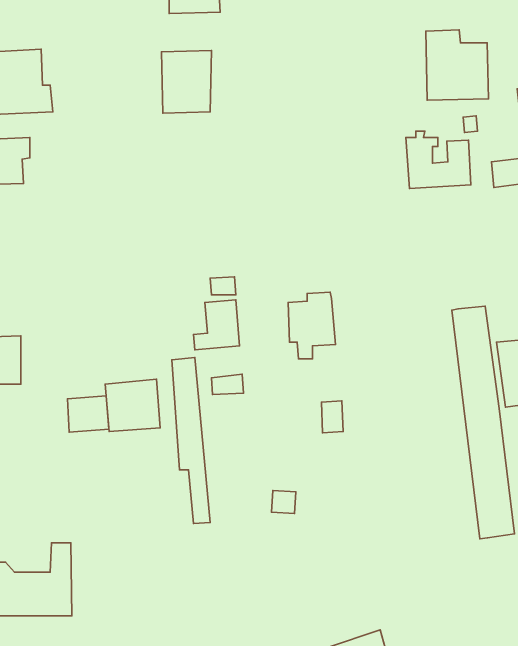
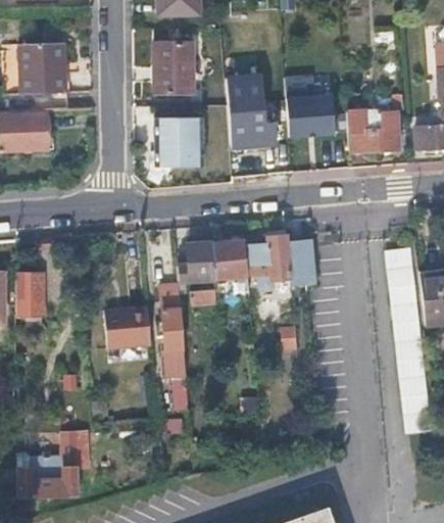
building: [426,30,489,100] -> [283,79,333,135]
building: none -> [223,69,275,146]
building: none -> [153,118,201,168]
building: none -> [211,239,249,279]
building: none -> [288,239,317,285]
building: [68,396,109,432] -> none

